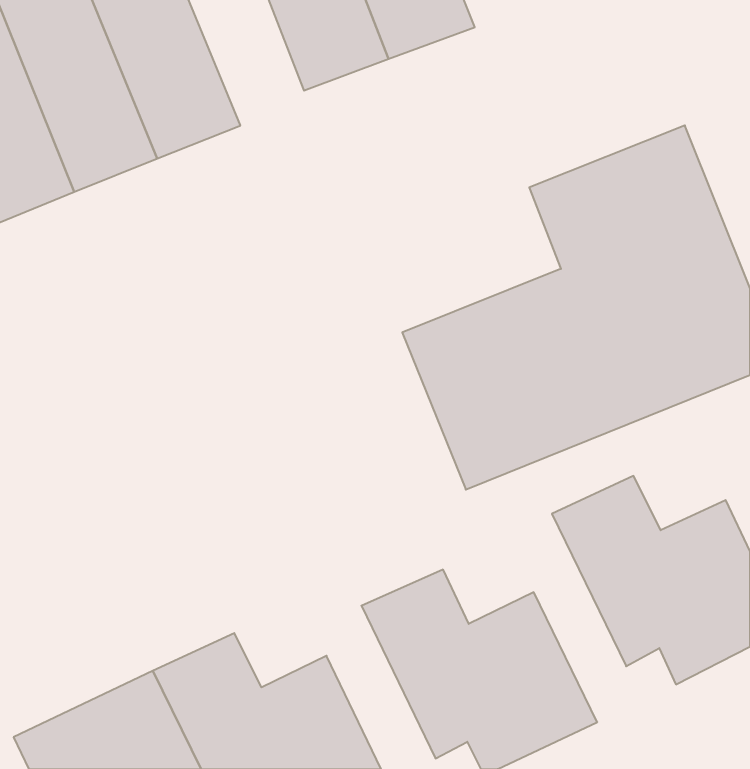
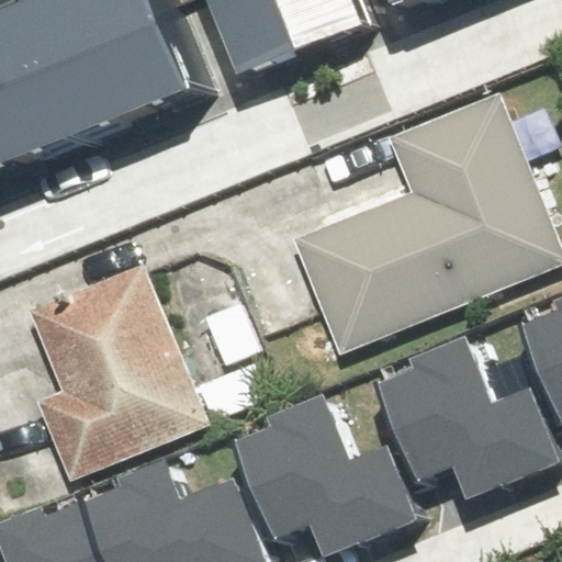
building: none -> [27,268,209,482]

